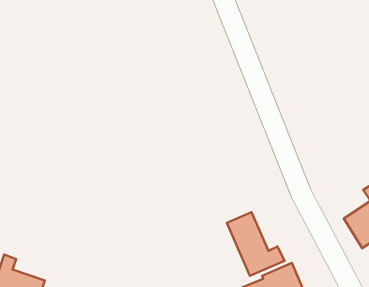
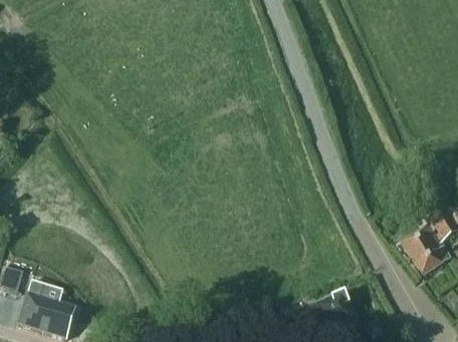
building: [227,212,284,276] -> none

